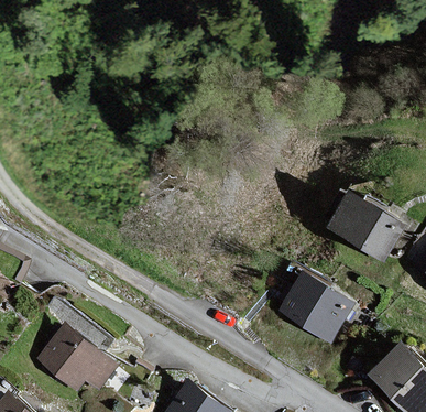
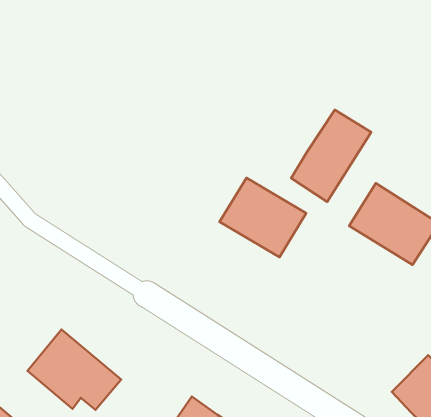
building: none -> [291,110,371,202]
building: [275,272,353,344] -> [220,178,306,257]

